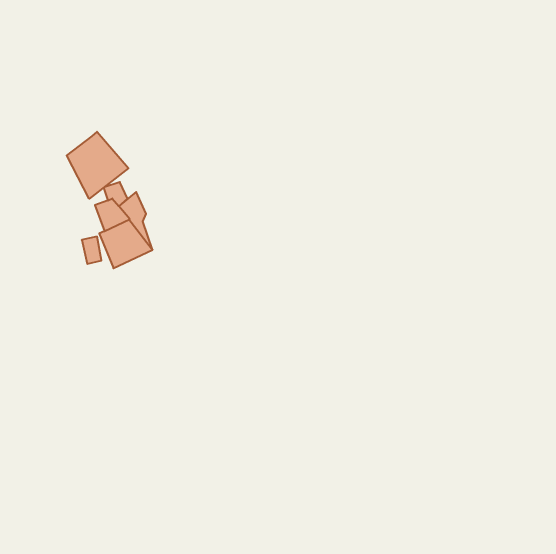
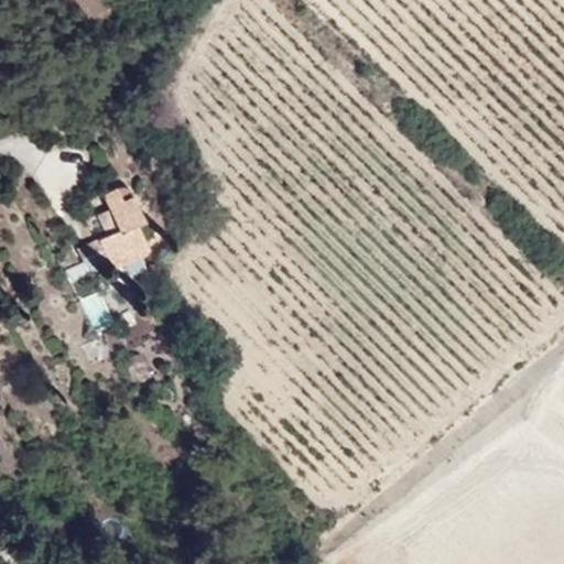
building: [67,132,128,199] -> none

